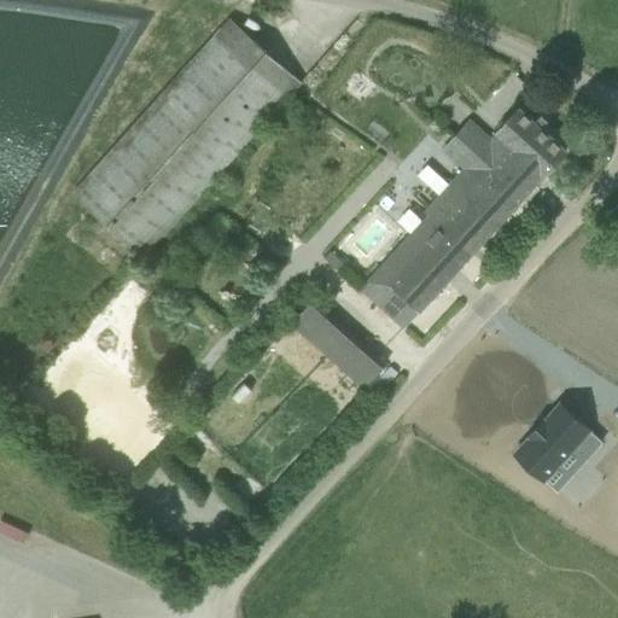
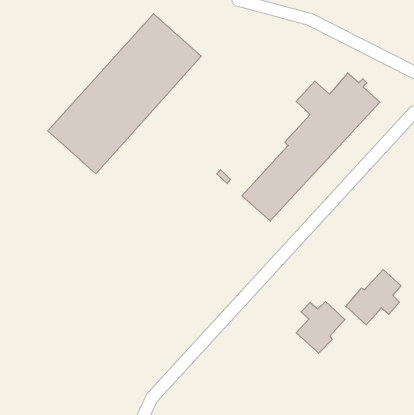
building: [291,299,385,390] -> none
building: none -> [296,302,345,353]

